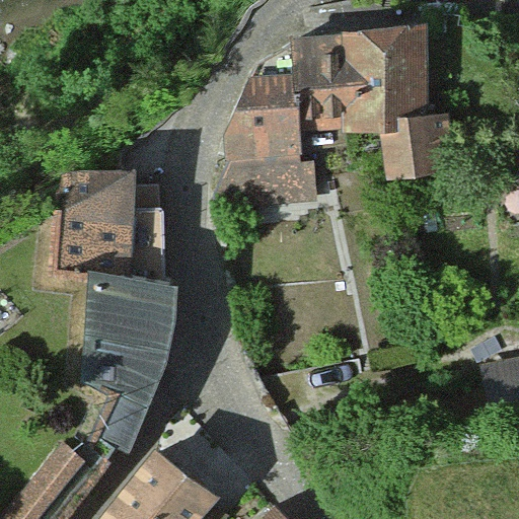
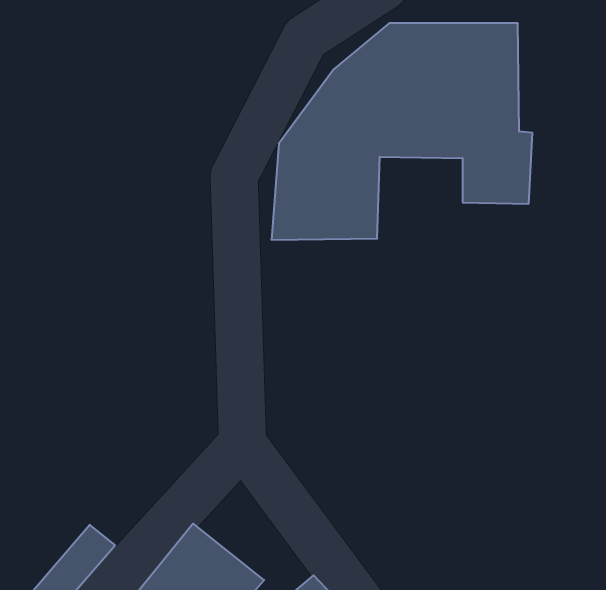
building: [56,150,168,431] -> none

